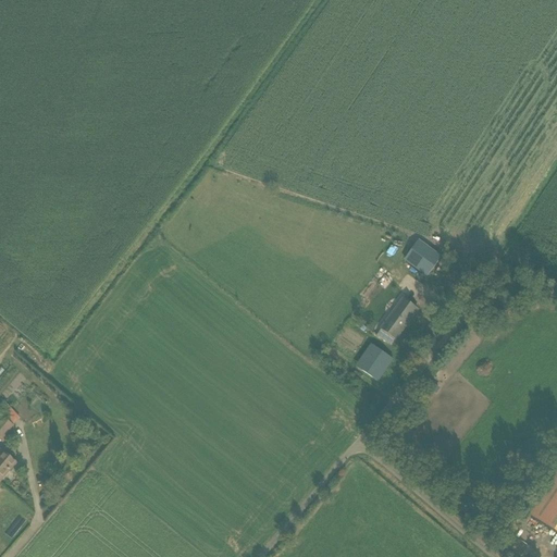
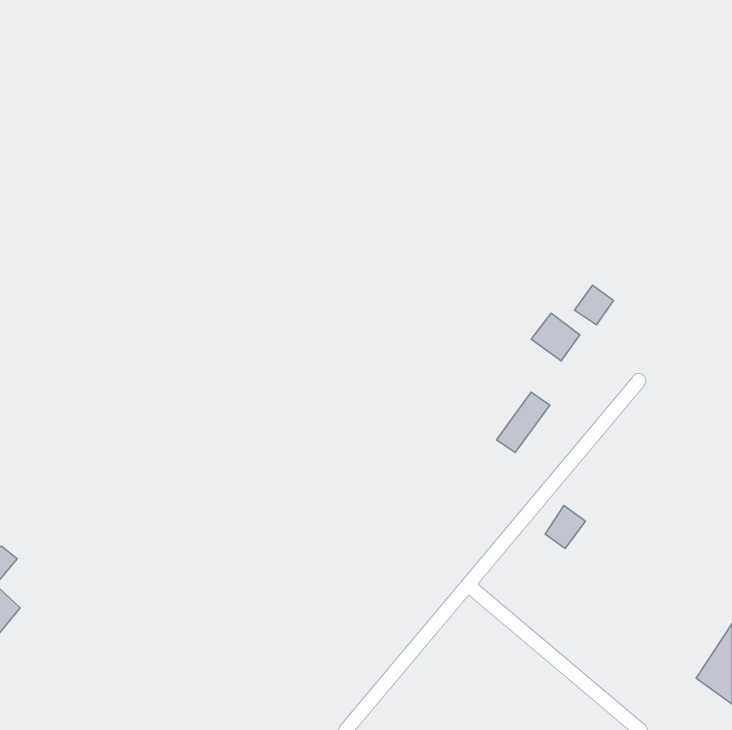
building: none -> [575,285,614,325]
building: [361,346,392,379] -> [545,505,585,549]

